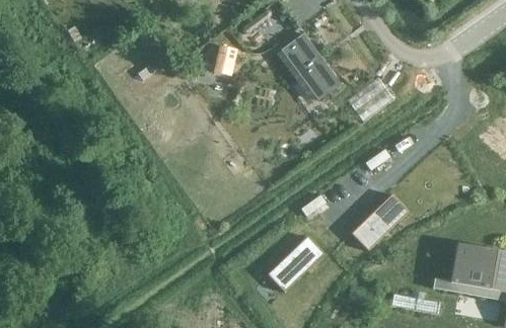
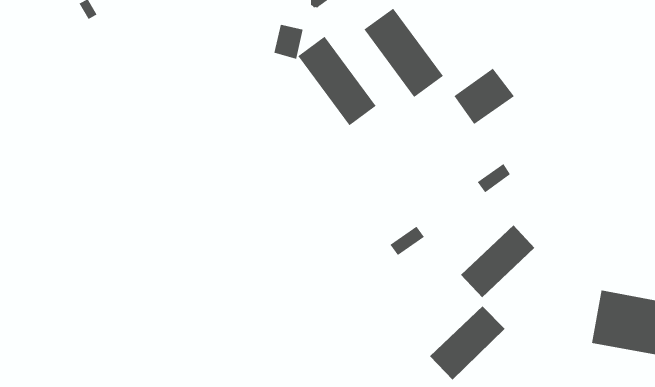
building: none -> [298,36,376,126]
building: [268,235,324,291] -> [429,306,506,381]

